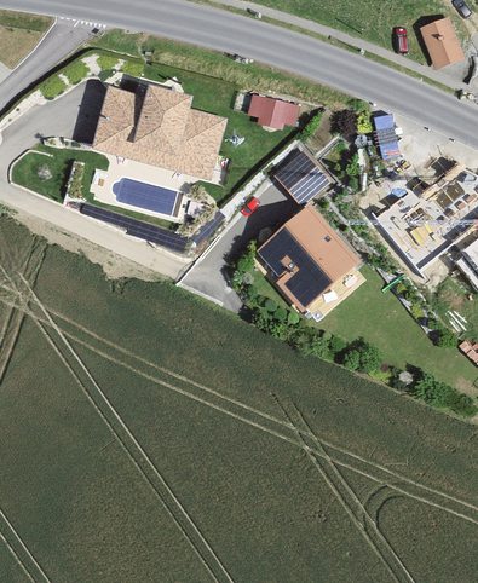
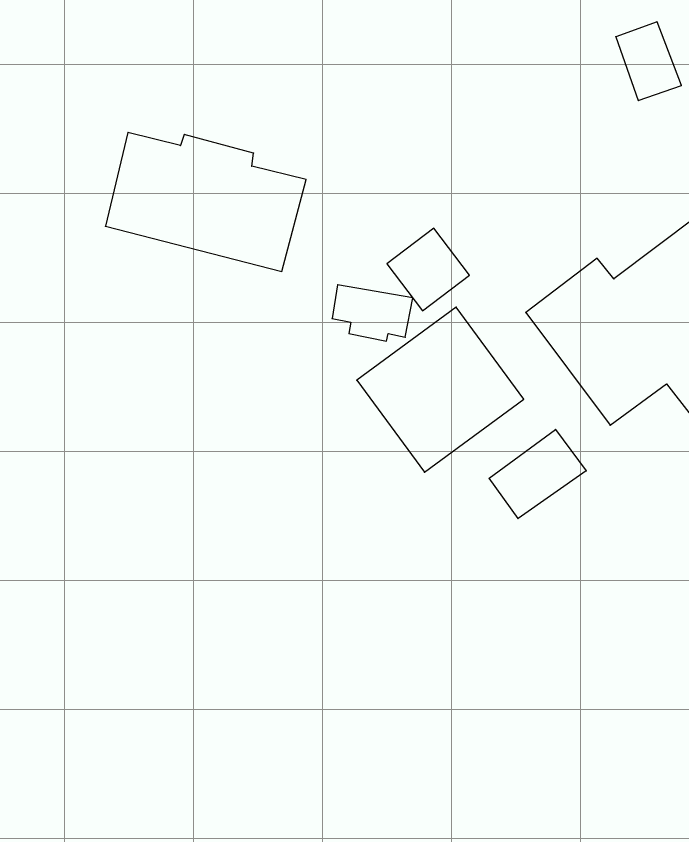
building: [247,93,299,129] -> [332,285,413,341]
building: none -> [489,429,586,519]

